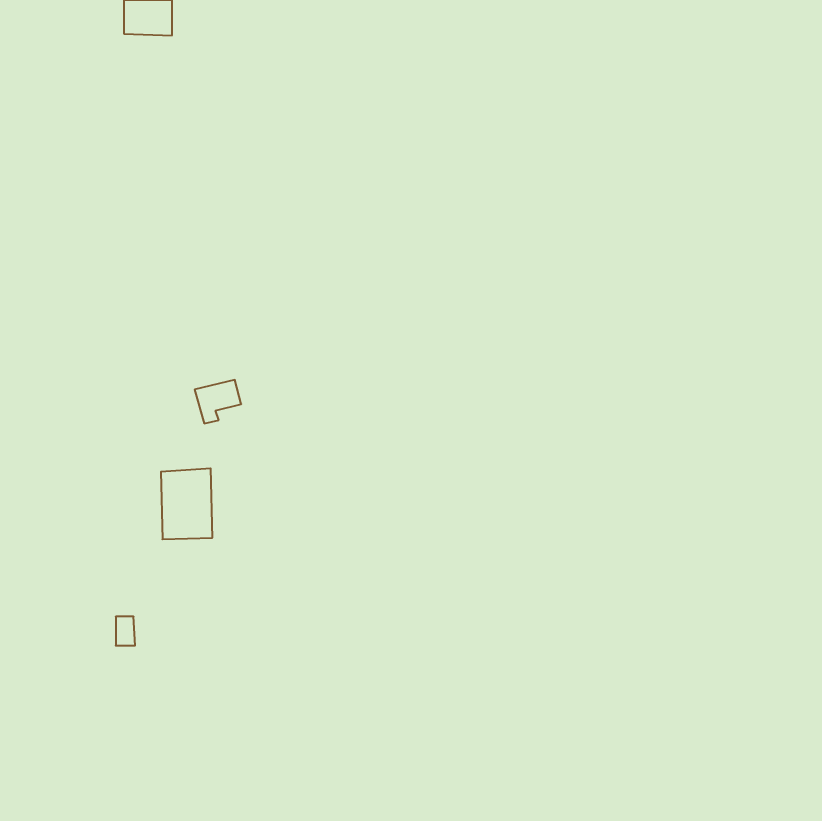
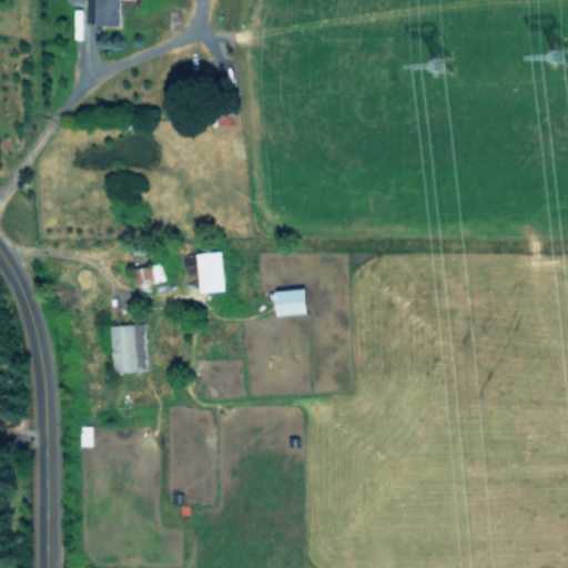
building: none -> [195,251,225,293]
building: none -> [275,288,307,316]

